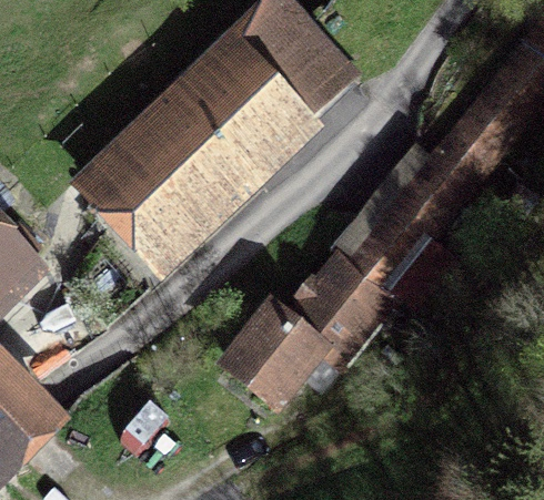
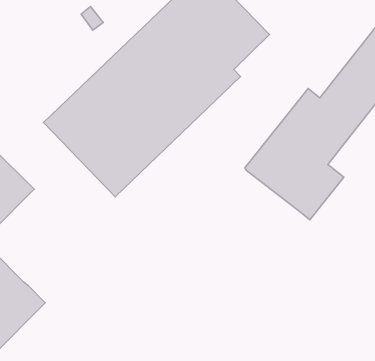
building: [213,246,402,415] -> none

